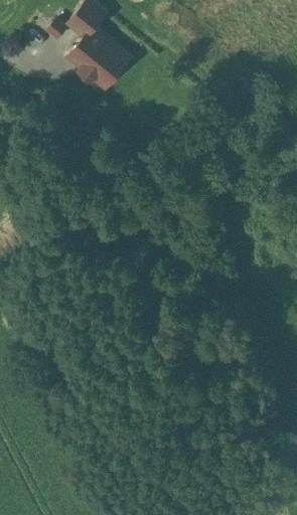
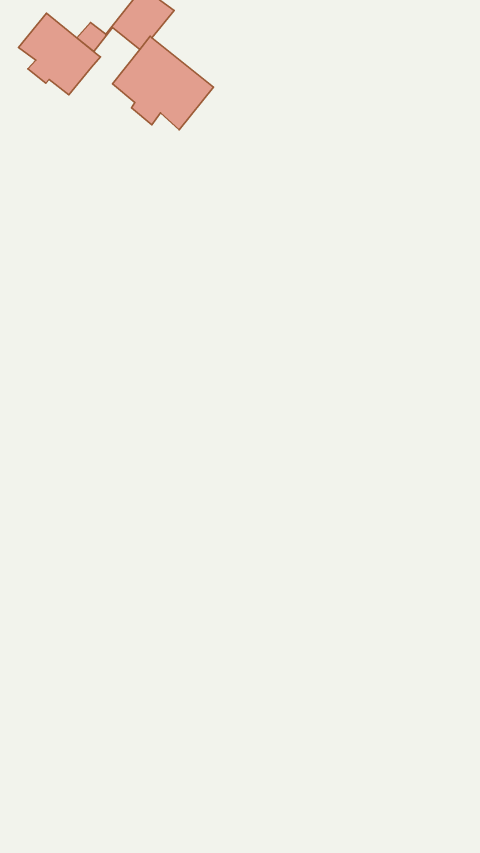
building: none -> [18,13,101,95]

